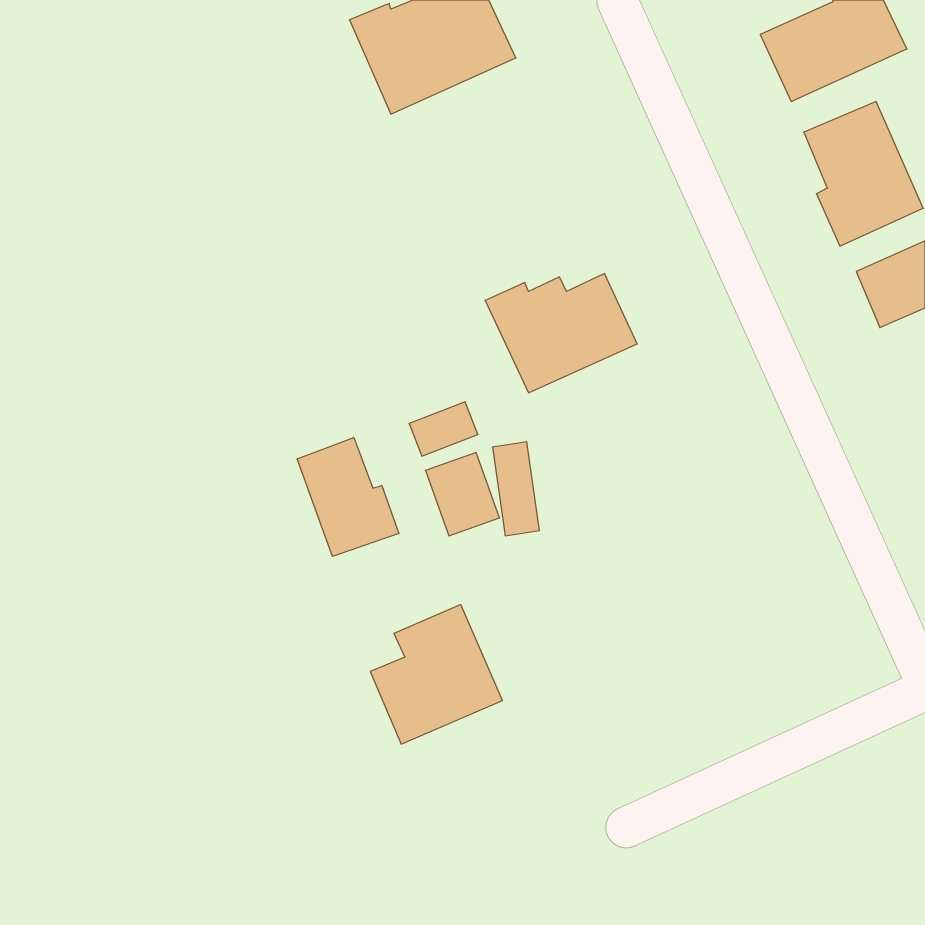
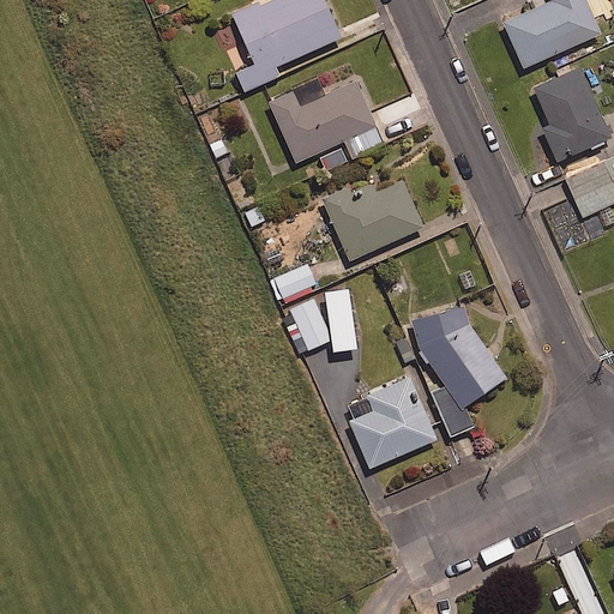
building: none -> [266,80,377,164]
building: [297,437,399,556] -> none
building: none -> [410,307,507,411]
building: [370,605,502,744] -> [349,377,437,469]

